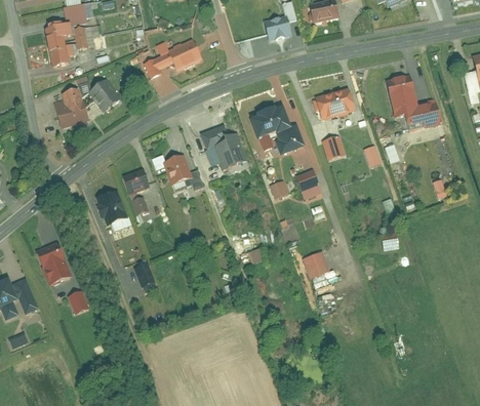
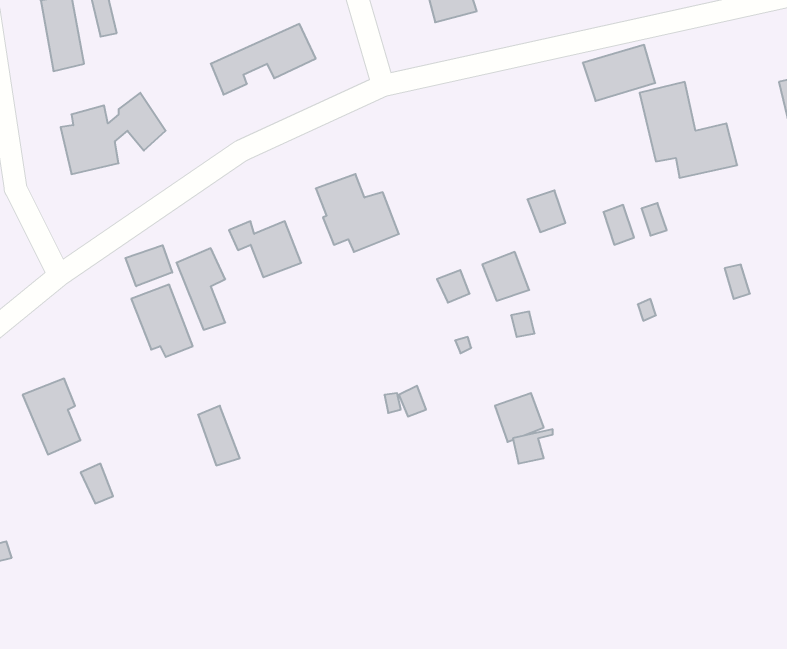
building: [315,87,356,119] -> [583,45,655,101]
building: [249,106,307,156] -> none
building: none -> [125,245,172,286]

